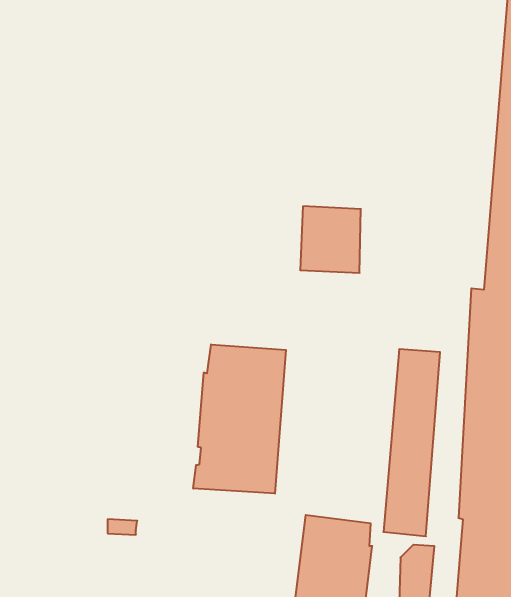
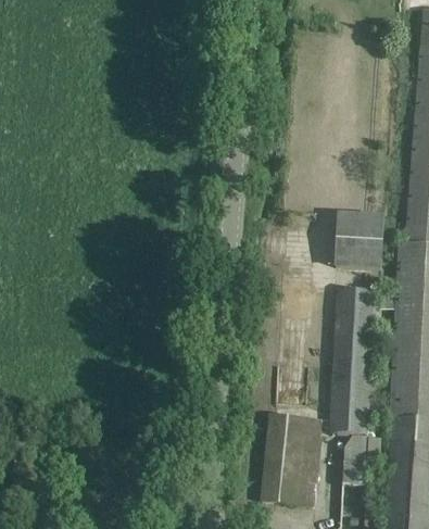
building: [300,206,361,273] -> [337,213,383,264]
building: [193,344,286,494] -> none

